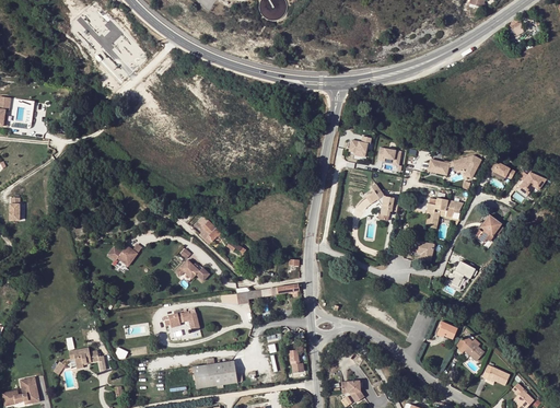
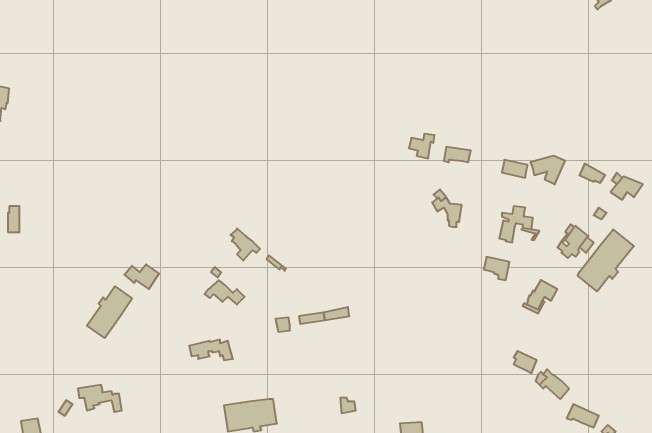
building: none -> [578,229,634,291]
building: none -> [87,286,132,338]

